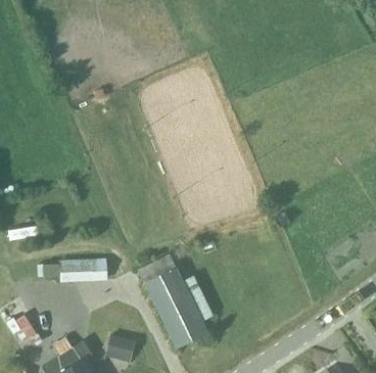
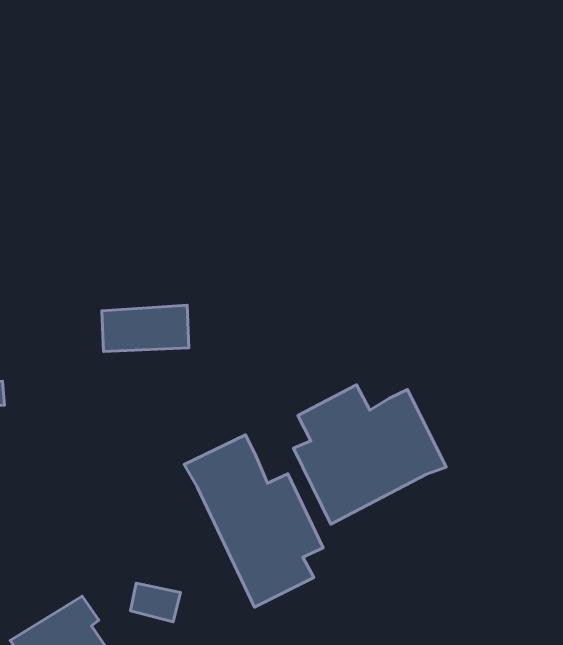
building: none -> [294,385,446,524]
building: [60,258,108,283] -> [102,305,189,351]

